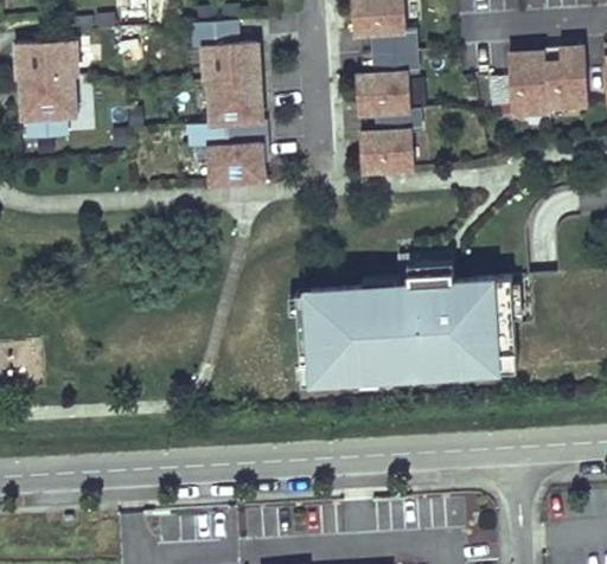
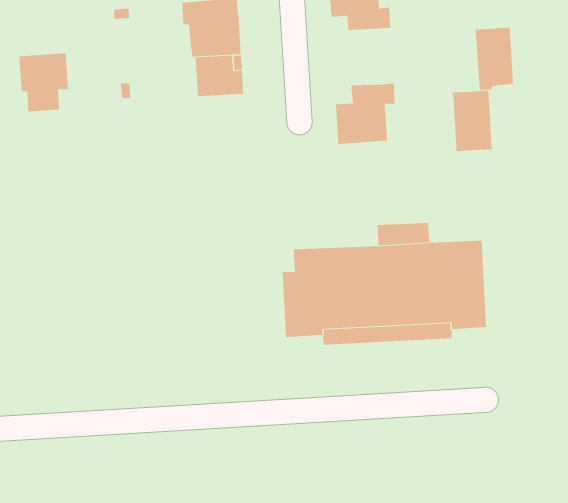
building: [17,43,76,83] -> none
building: [543,47,587,113] -> [451,90,492,152]
building: [354,53,418,121] -> none
building: [190,123,264,185] -> none

